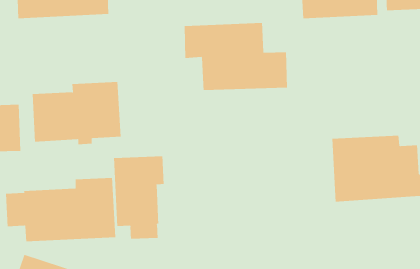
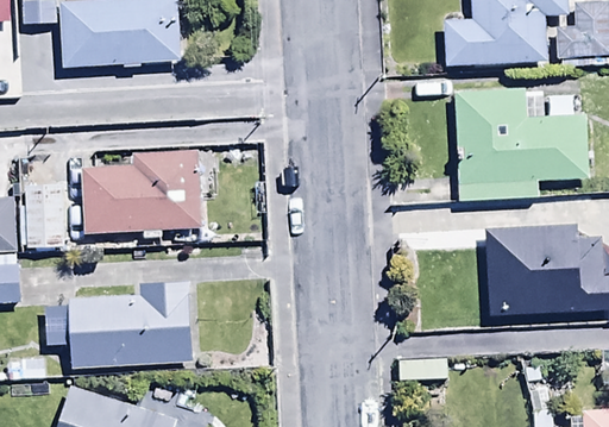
building: [184,22,288,91] -> none
building: none -> [456,84,588,201]
building: [114,156,164,240] -> none

